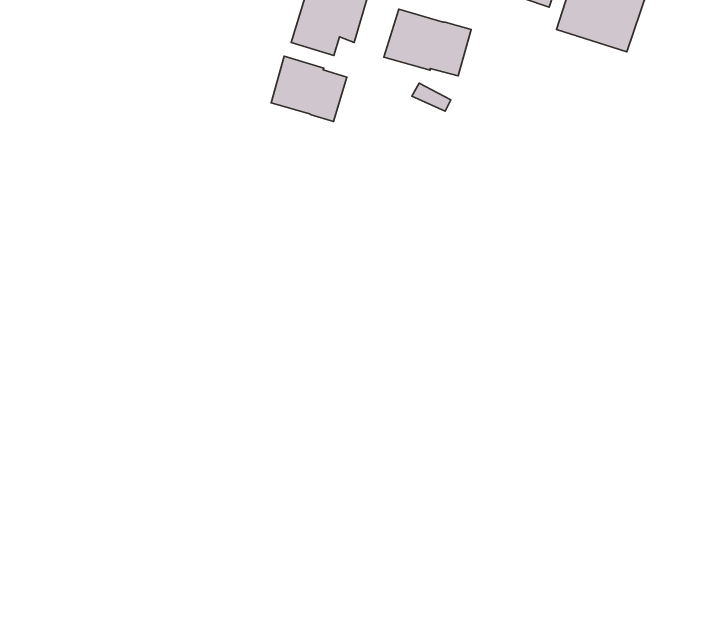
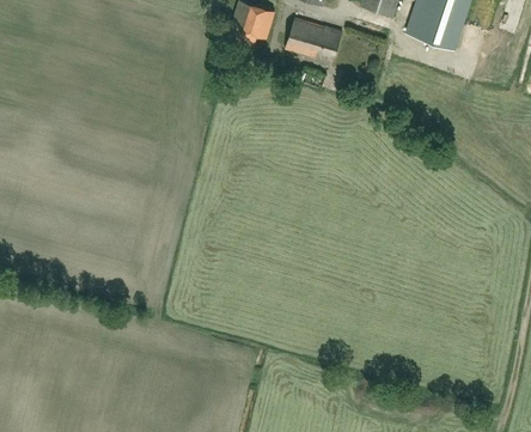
building: [271,56,347,122] -> none

